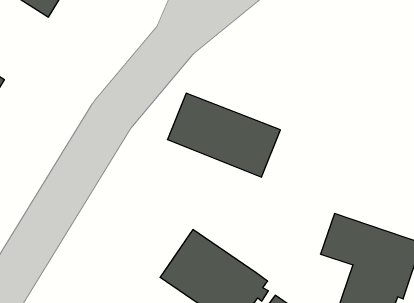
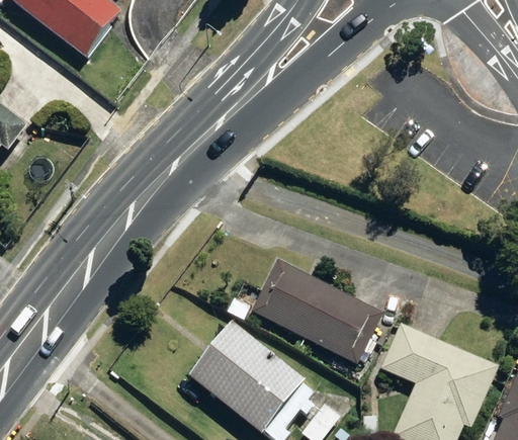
building: [167,93,280,177] -> [250,258,382,364]

